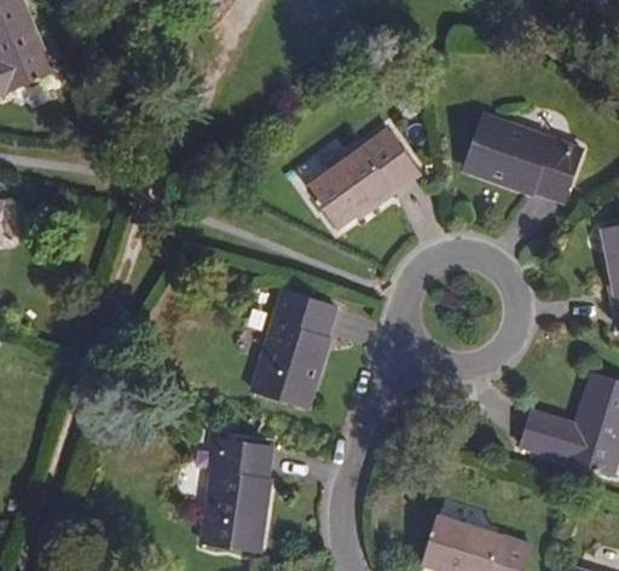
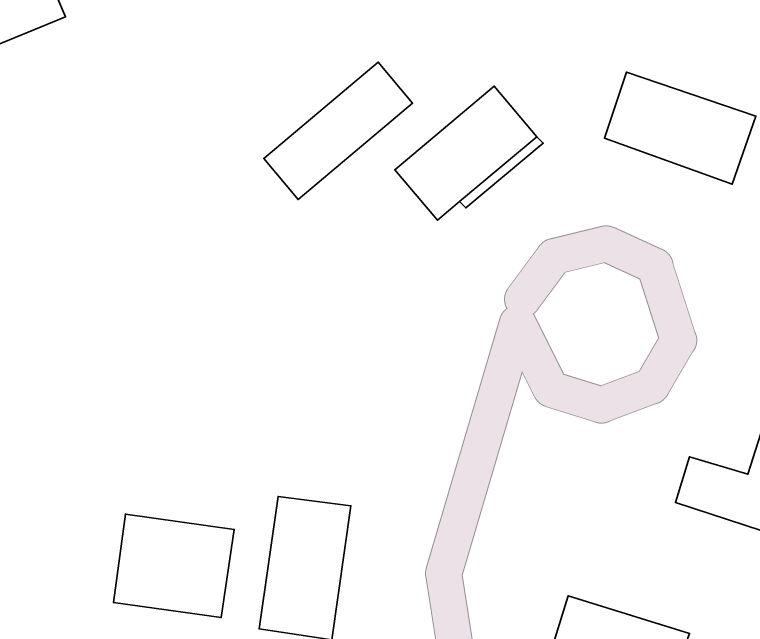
building: none -> [264,62,413,200]
building: [253,290,336,406] -> none
building: none -> [114,514,234,618]

